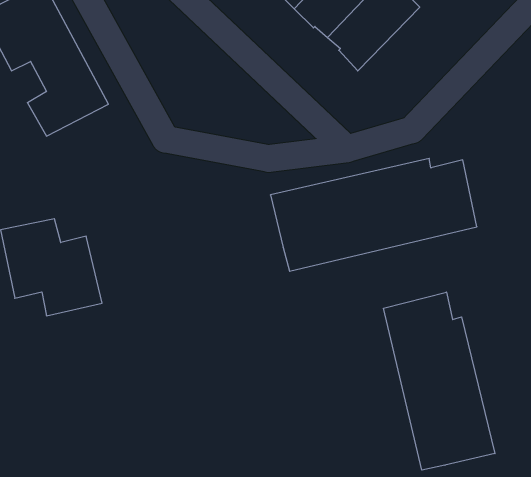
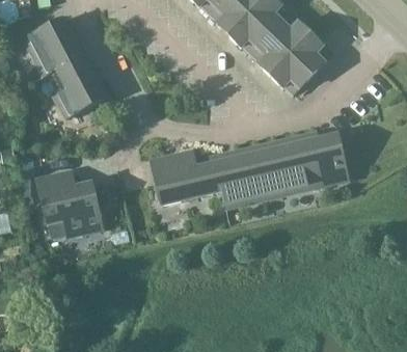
building: none -> [269,33,330,94]
building: none -> [150,151,220,205]
building: [384,292,495,470] -> none

